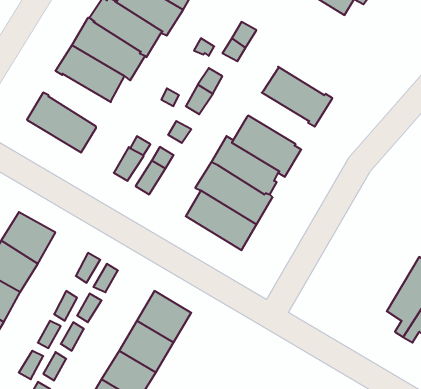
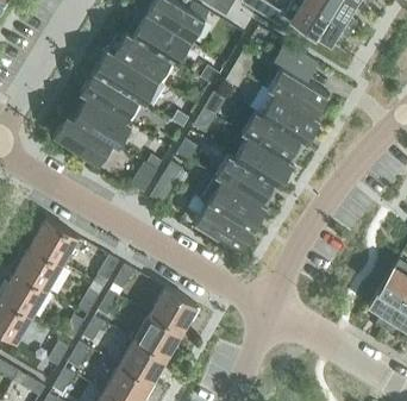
building: none -> [268,42,327,117]
building: none -> [73,98,133,149]
building: none -> [242,109,302,163]

